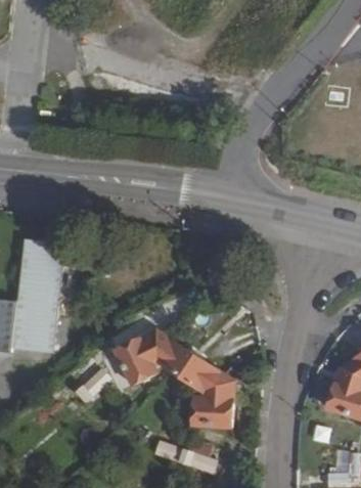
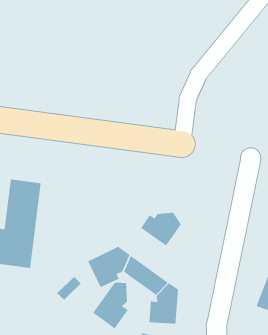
building: none -> [140,212,182,246]
building: none -> [92,282,129,329]

